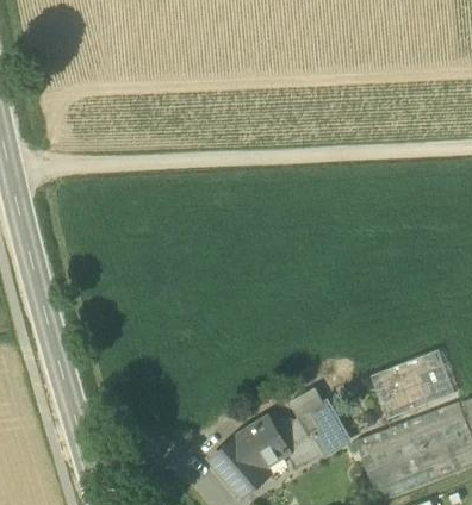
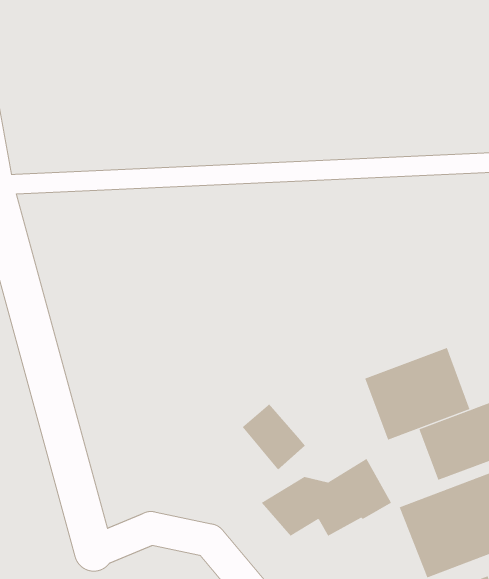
building: none -> [365,347,470,441]
building: [212,436,267,493] -> [242,404,306,470]

